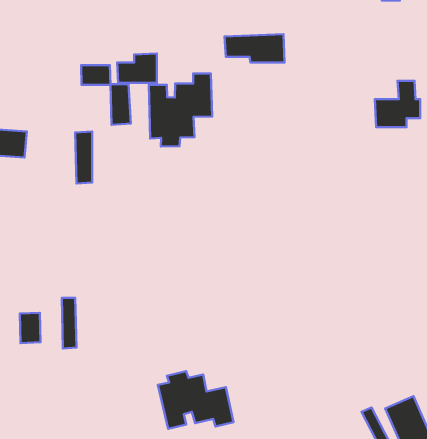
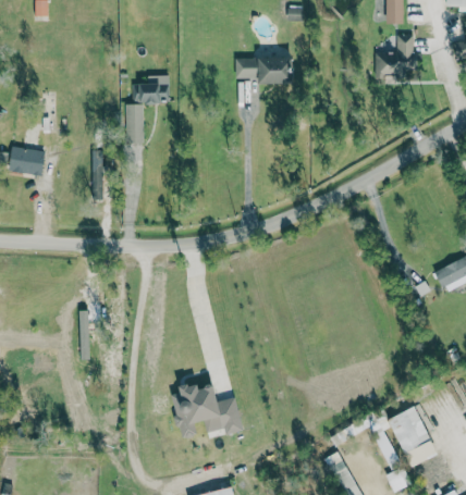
building: [81,65,110,85] -> none
building: [149,74,212,146] -> none
building: [375,81,420,127] -> [373,35,417,79]
building: [20,313,41,343] -> none

